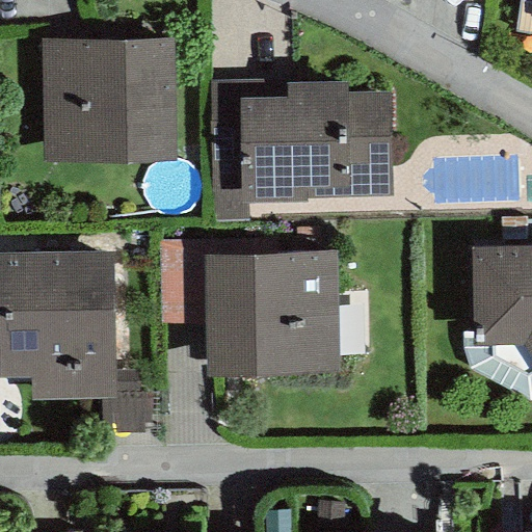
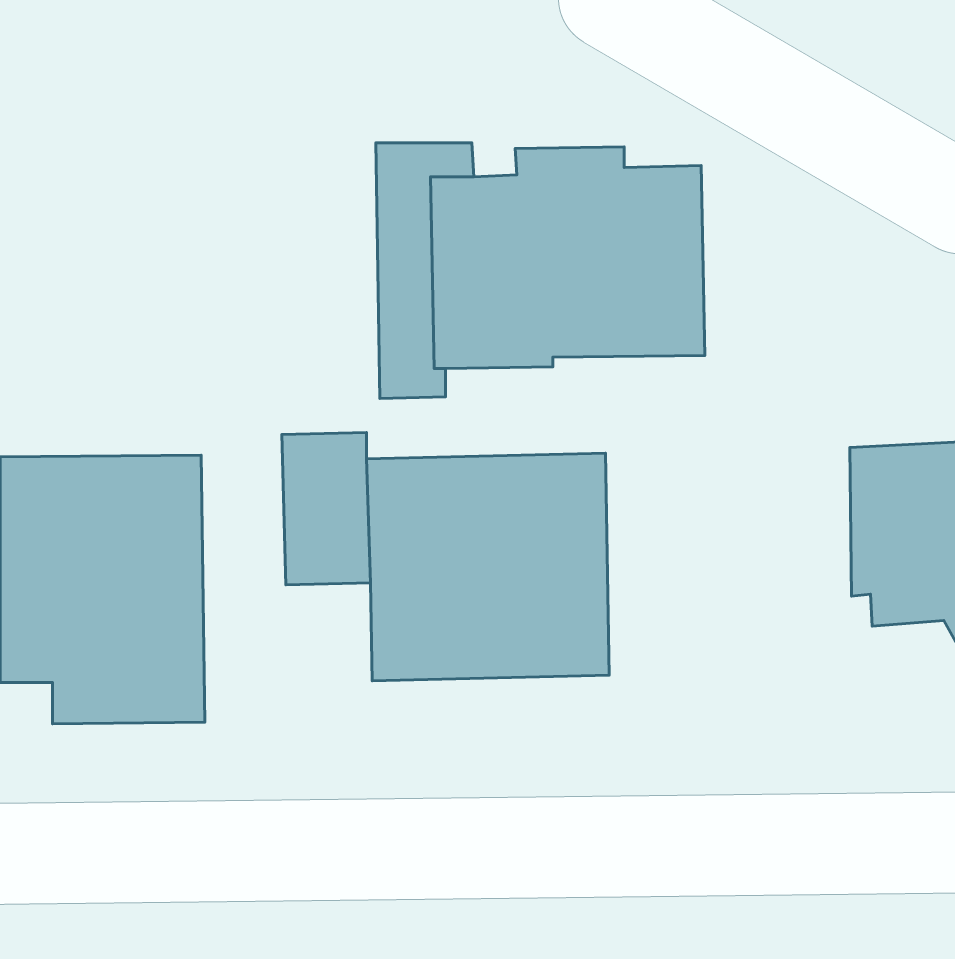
building: [43,37,177,160] -> none

